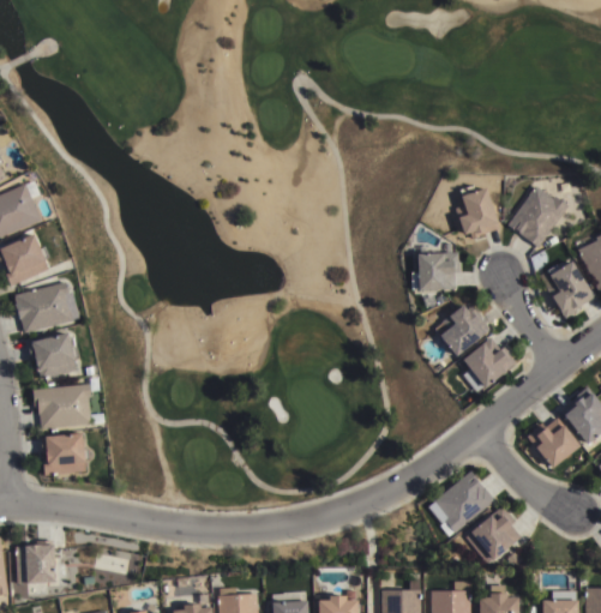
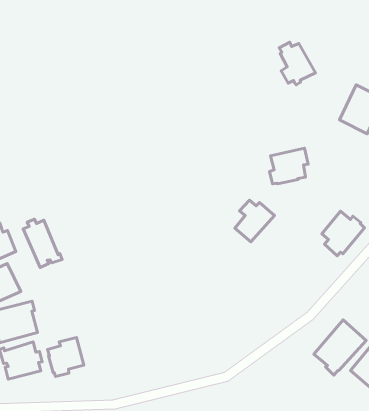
building: [457,185,499,239] -> [279,42,315,85]
building: none -> [23,219,62,267]
building: [438,306,489,357] -> [235,200,274,242]
building: none -> [47,338,84,376]

